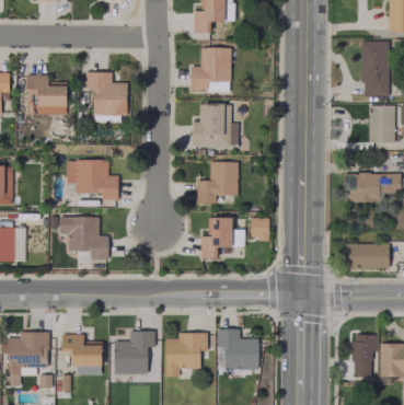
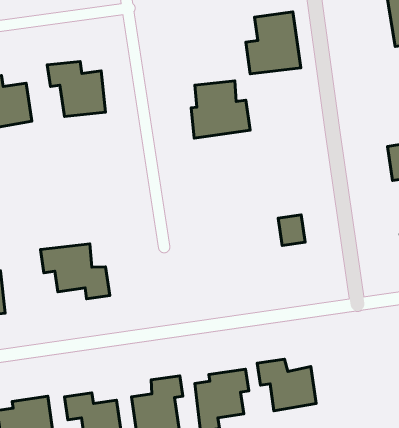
building: [189,47,230,92] -> [246,12,301,74]
building: [66,160,118,200] -> none
building: [196,161,238,204] -> none
building: [199,217,232,258] -> none

